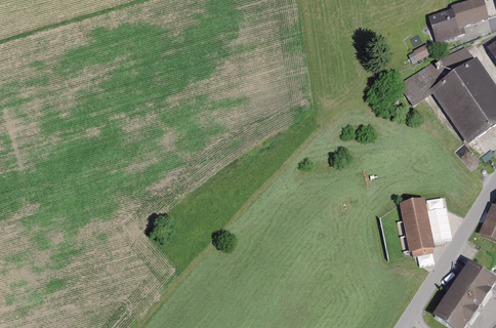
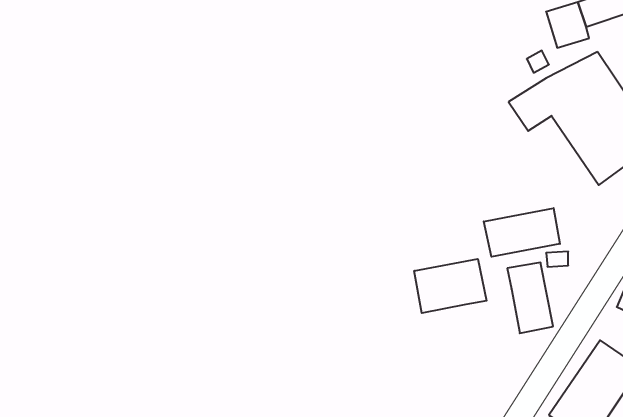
building: none -> [484,208,560,257]
building: none -> [414,259,487,313]

